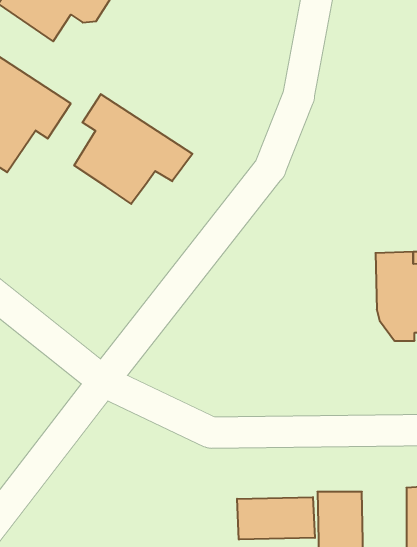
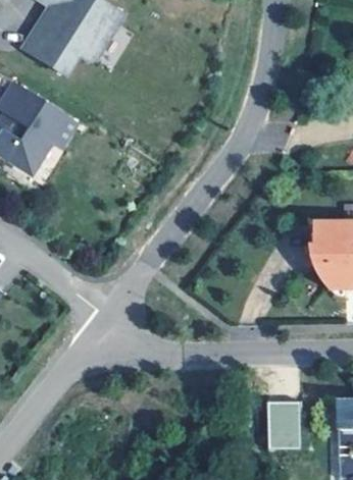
building: [74,94,192,204] -> none
building: [237,497,315,540] -> none

